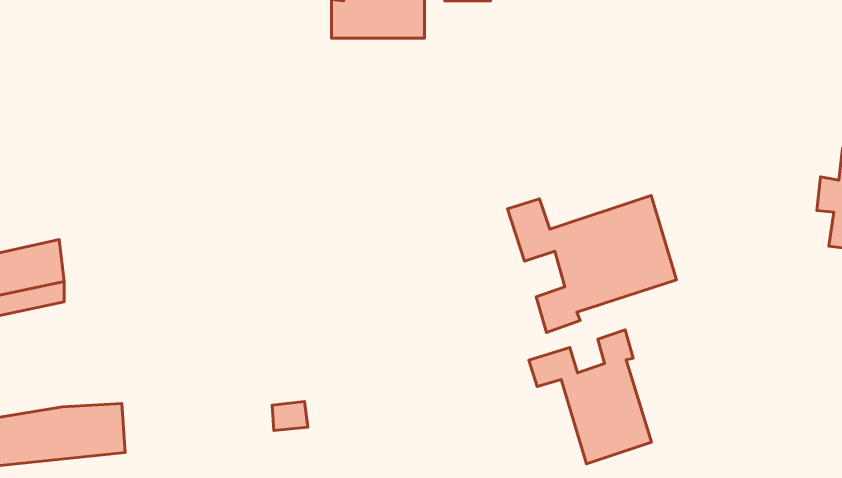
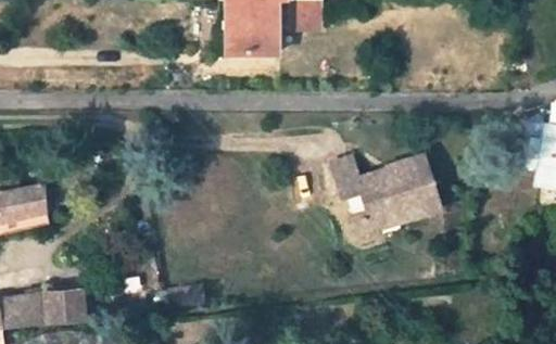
building: [529,330,652,464] -> none

